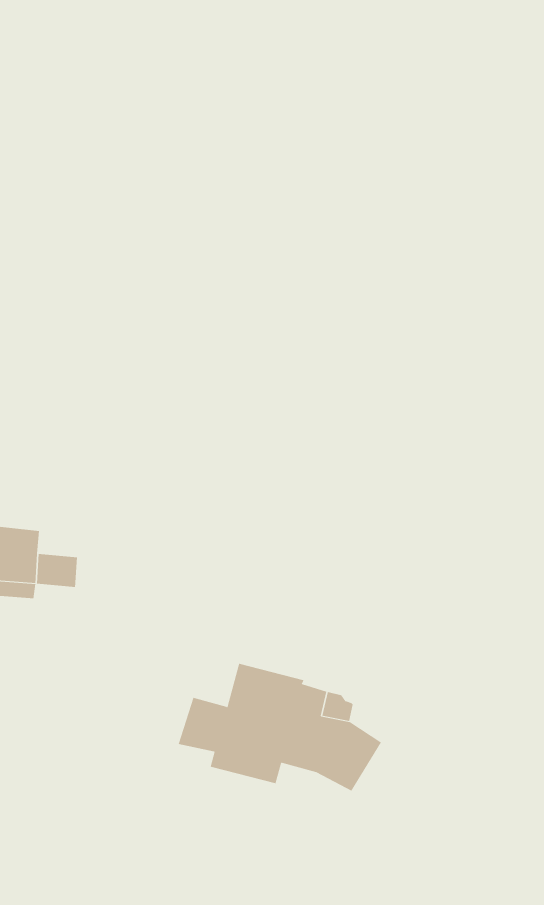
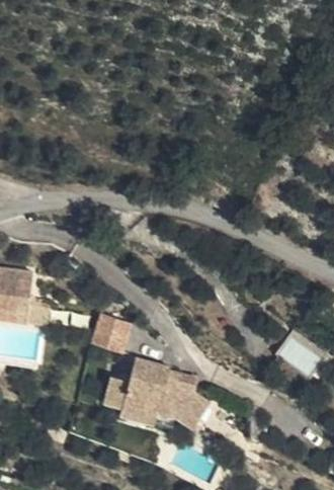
building: none -> [94,314,131,350]

